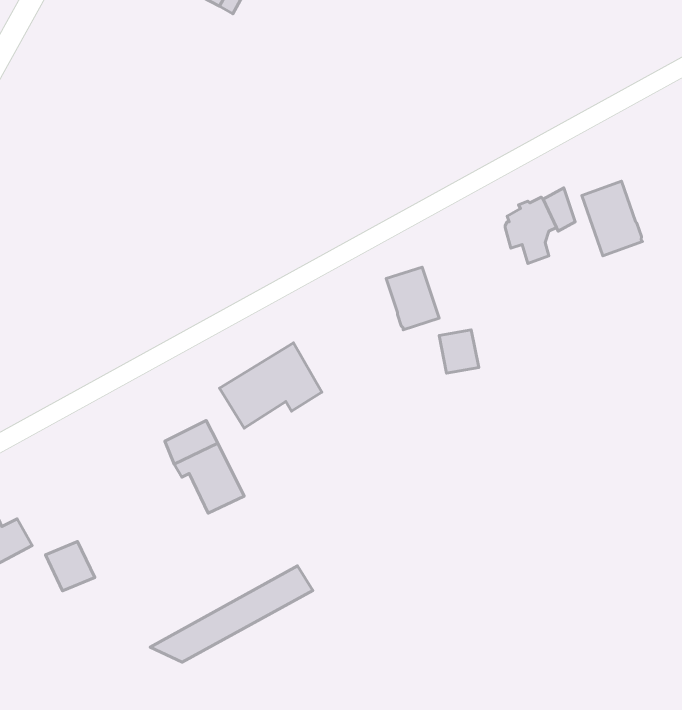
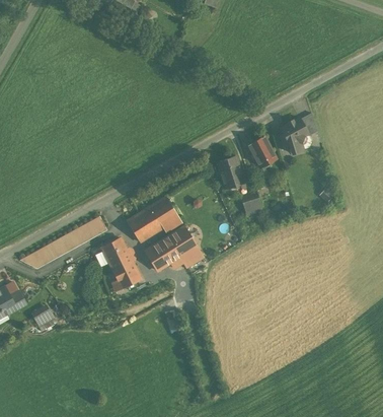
building: [582,181,643,256] -> none
building: none -> [248,137,274,167]
building: none -> [145,227,196,271]
building: [150,566,313,662] -> [19,217,106,269]

